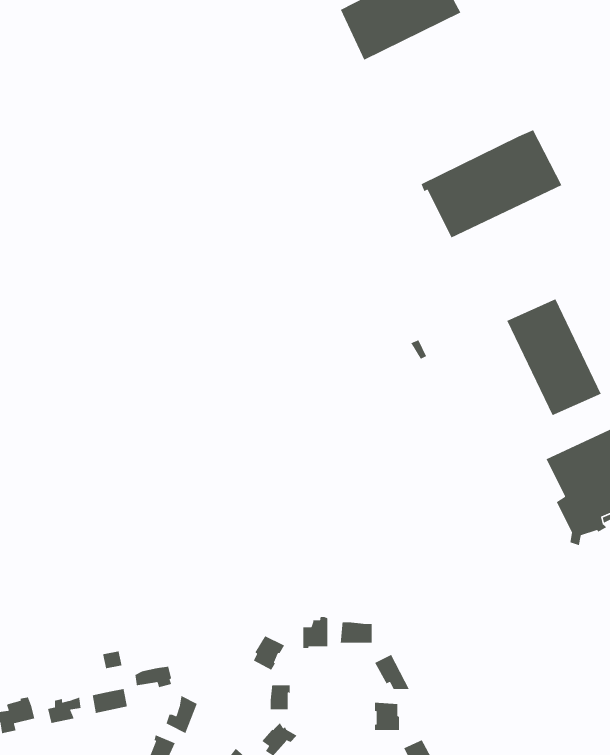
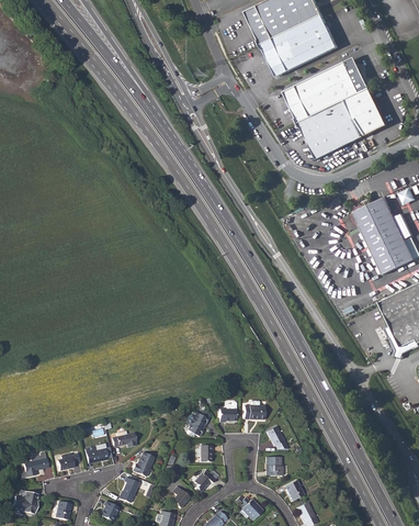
building: none -> [260,14,338,77]
building: none -> [283,63,359,124]

